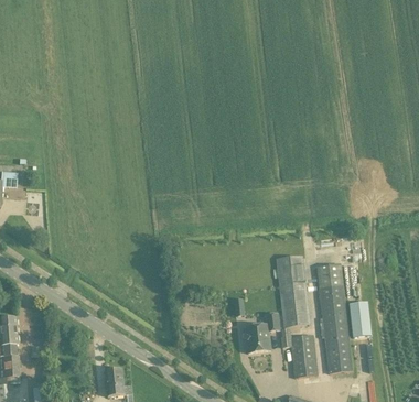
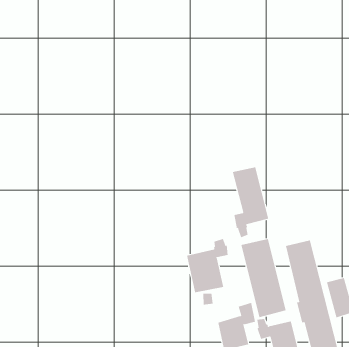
building: none -> [232,167,269,238]
building: none -> [186,238,228,293]

